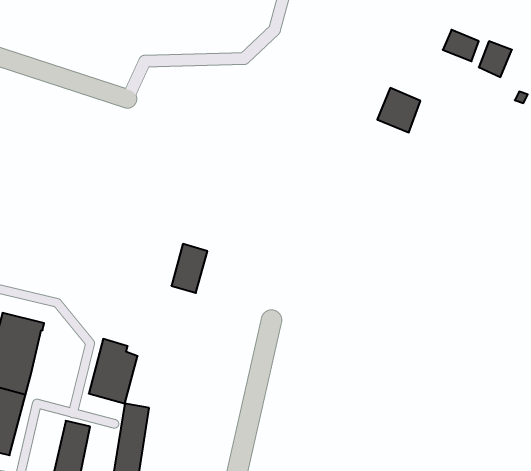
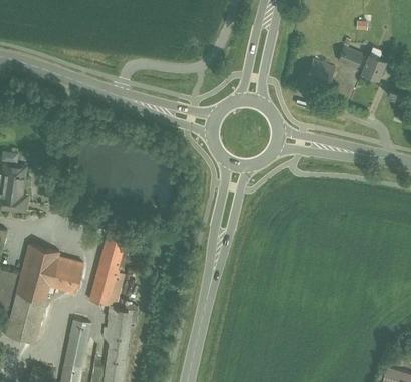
building: [377,88,420,132] -> [303,58,334,89]
building: [171,244,207,293] -> [99,233,125,267]
building: none -> [49,256,82,292]

